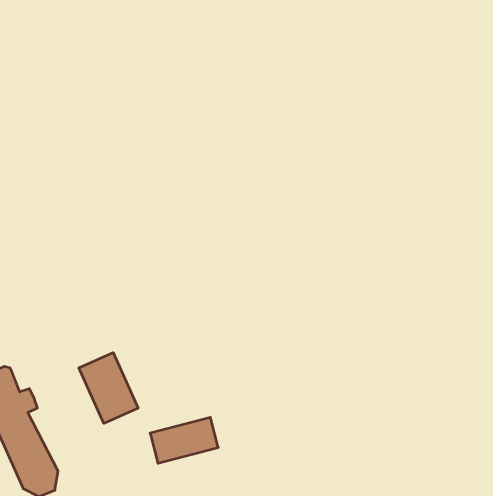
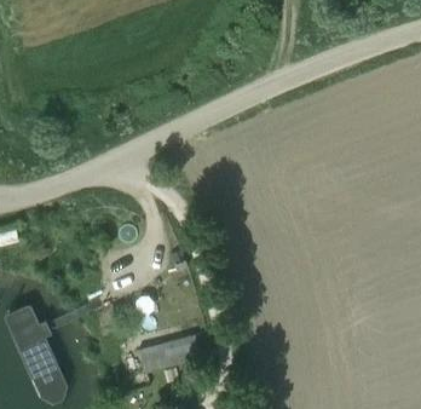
building: [79,353,138,423] -> none

